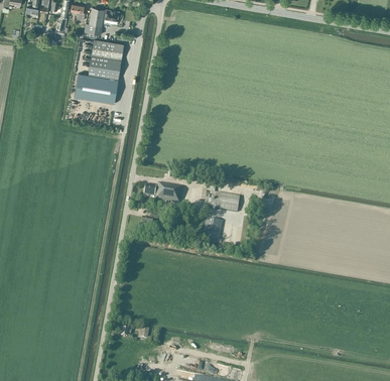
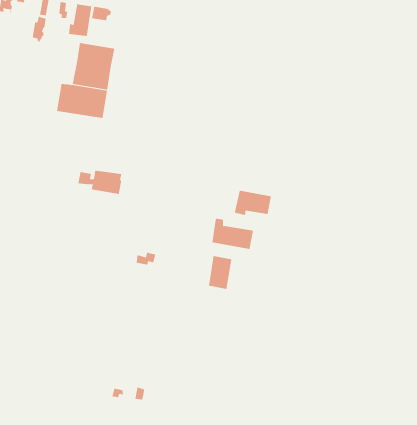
building: none -> [234,190,271,216]
building: [144,182,181,203] -> [77,170,122,194]

